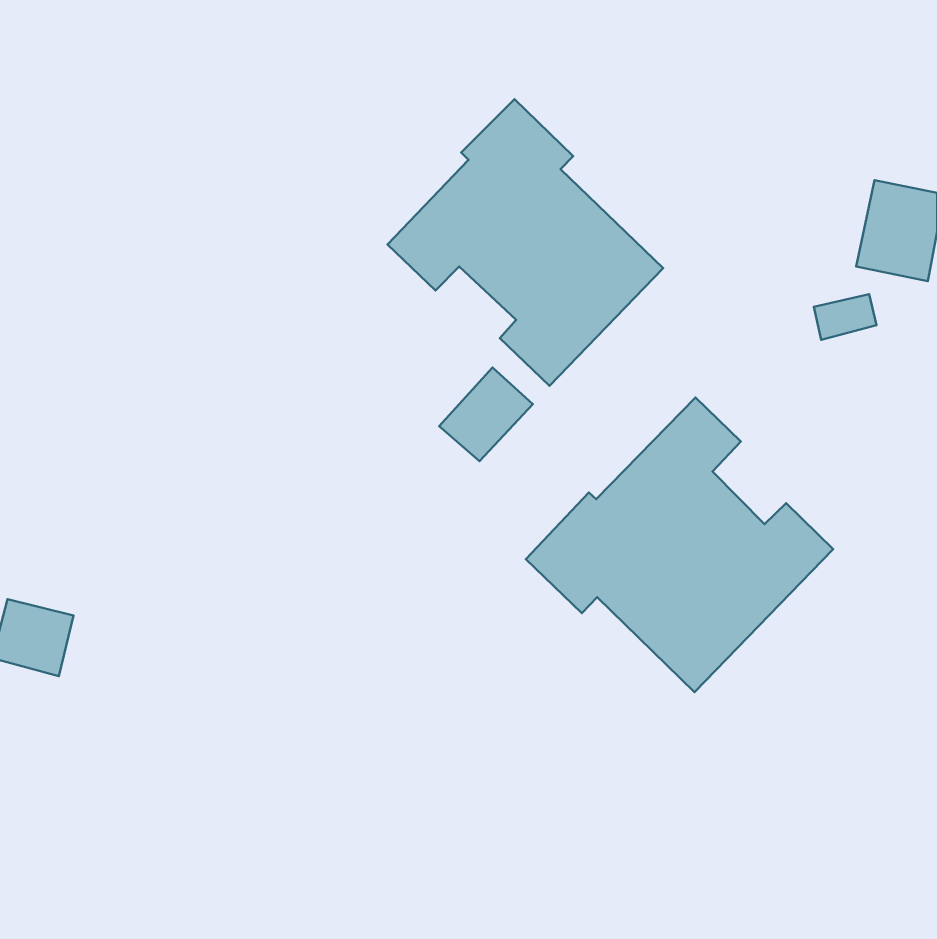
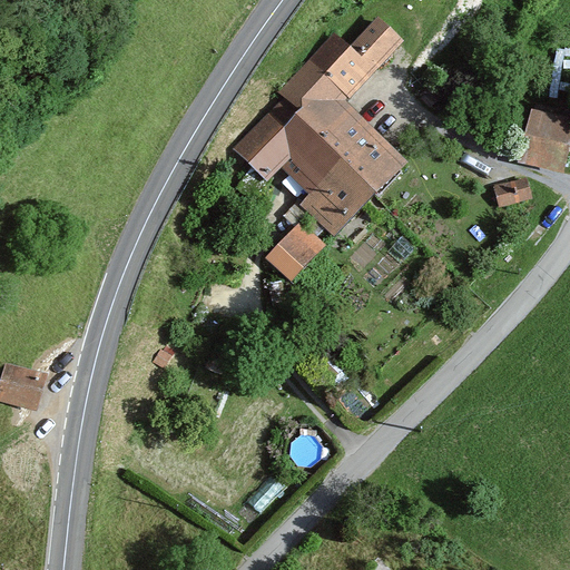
building: none -> [312,20,397,95]
building: [526,397,833,692] -> none

